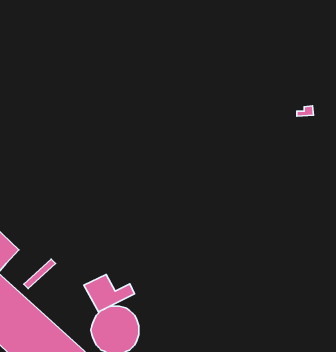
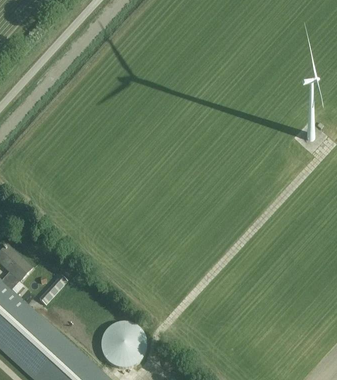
building: [84,275,134,312] -> none

